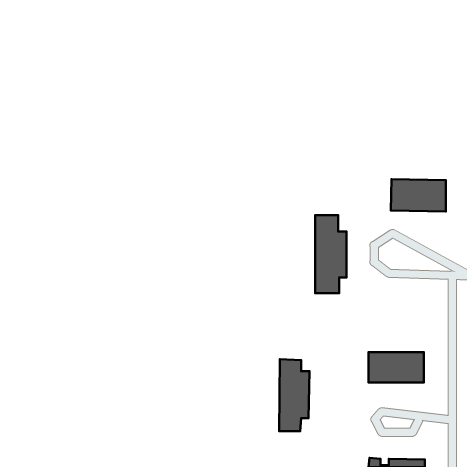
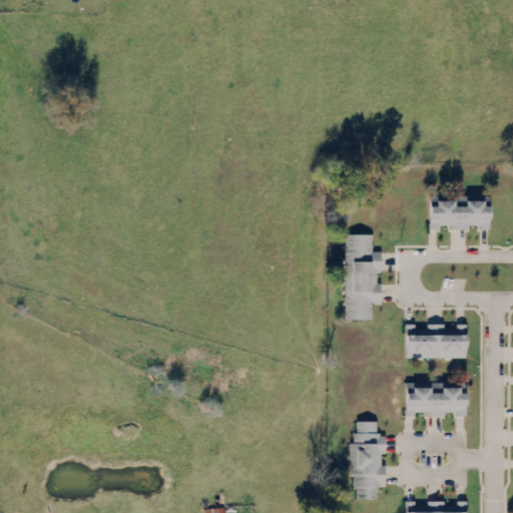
building: none -> [406,325,466,359]
building: [279,359,309,431] -> [353,422,386,500]

